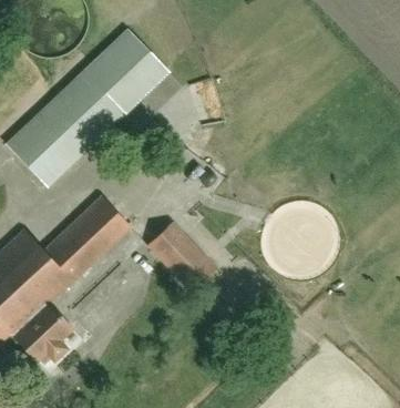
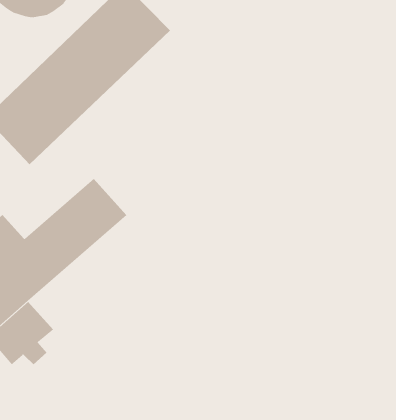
building: [147,224,215,295] -> none

